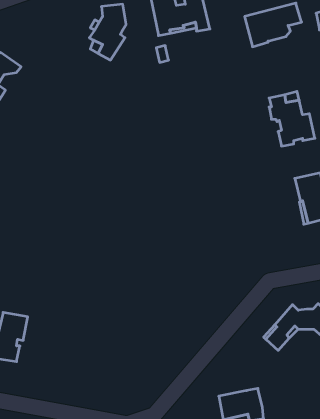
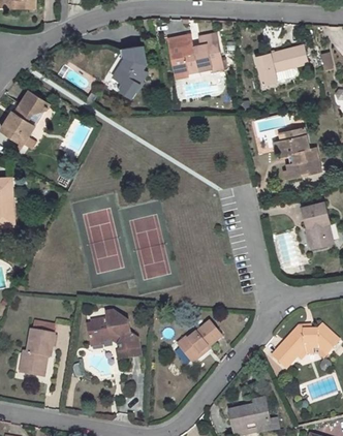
building: none -> [88,309,141,359]
building: none -> [179,321,224,361]

